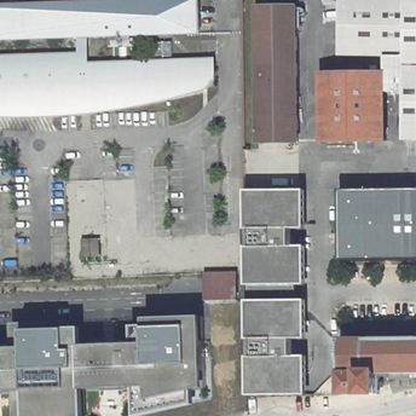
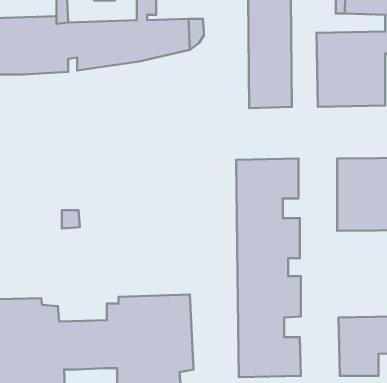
building: [201,272,232,300] -> none

